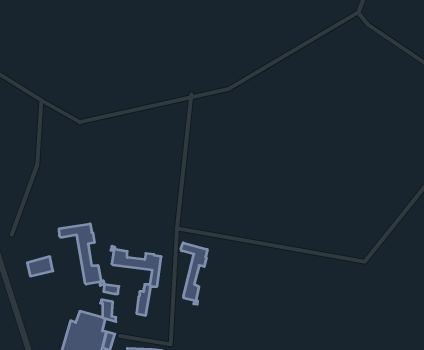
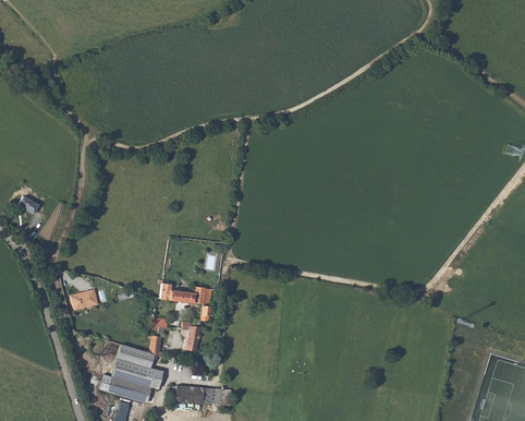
building: [59,224,105,286] -> none
building: [181,243,207,304] -> none

